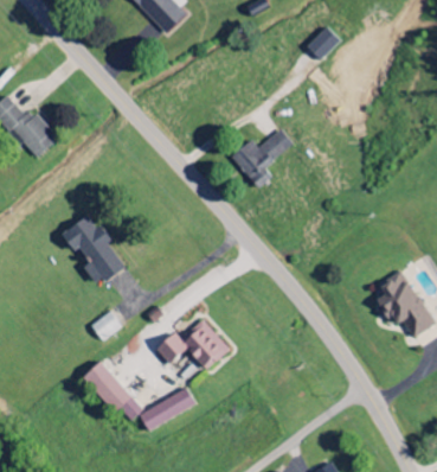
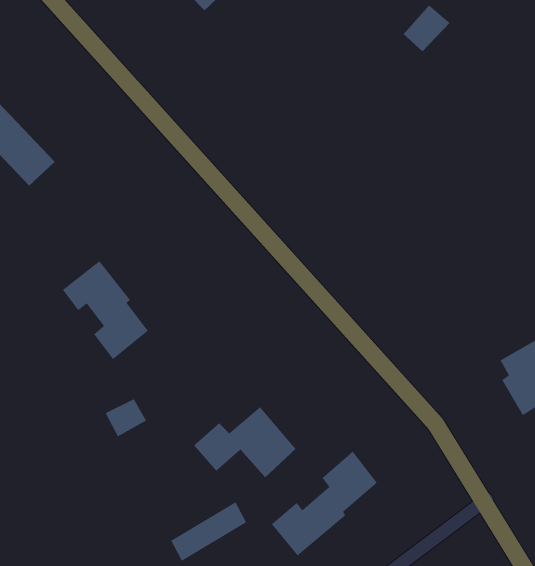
building: [231,129,293,190] -> none
building: none -> [271,450,378,557]
building: [81,359,143,423] -> none

